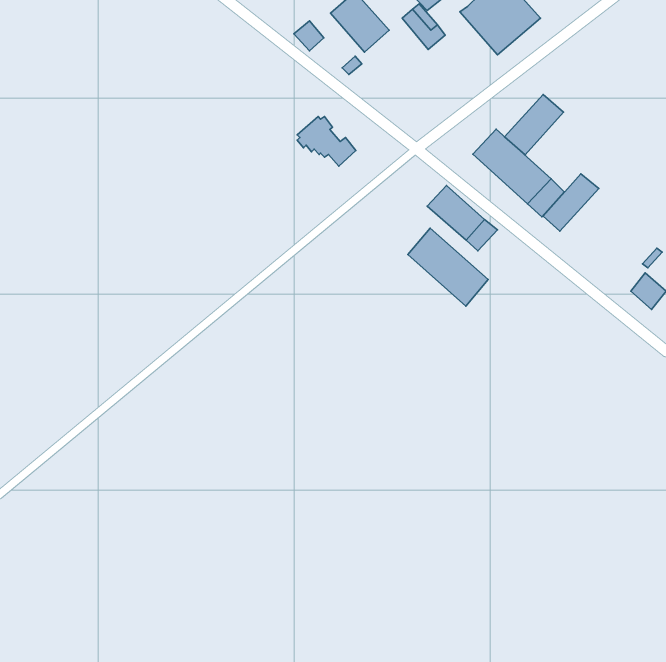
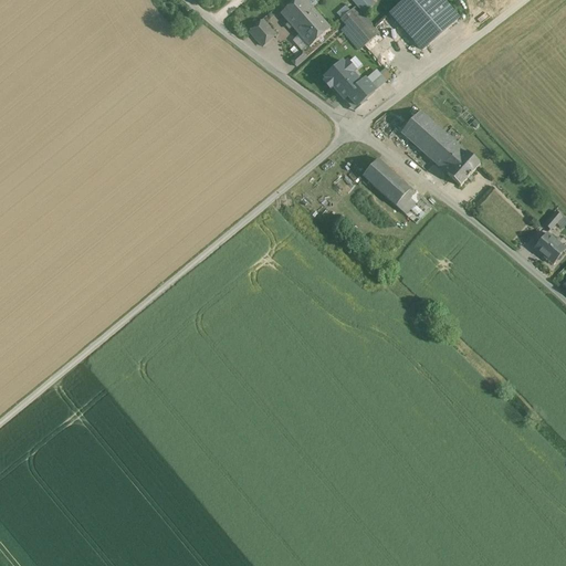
building: [505,94,564,155] -> none
building: [297,117,356,166] -> [324,60,374,102]
building: [543,174,599,231] -> none
building: [408,228,488,306] -> none

